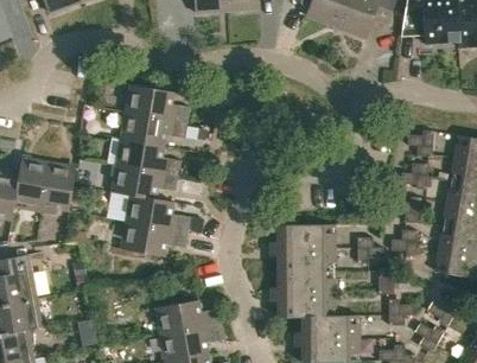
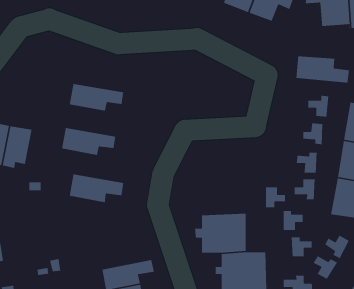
building: none -> [296,55,350,83]
building: [125,85,189,123] -> none
building: [115,139,179,177] -> none
building: [110,192,189,233] -> none
building: [271,225,333,272] -> none
building: [154,301,220,337] -> none

